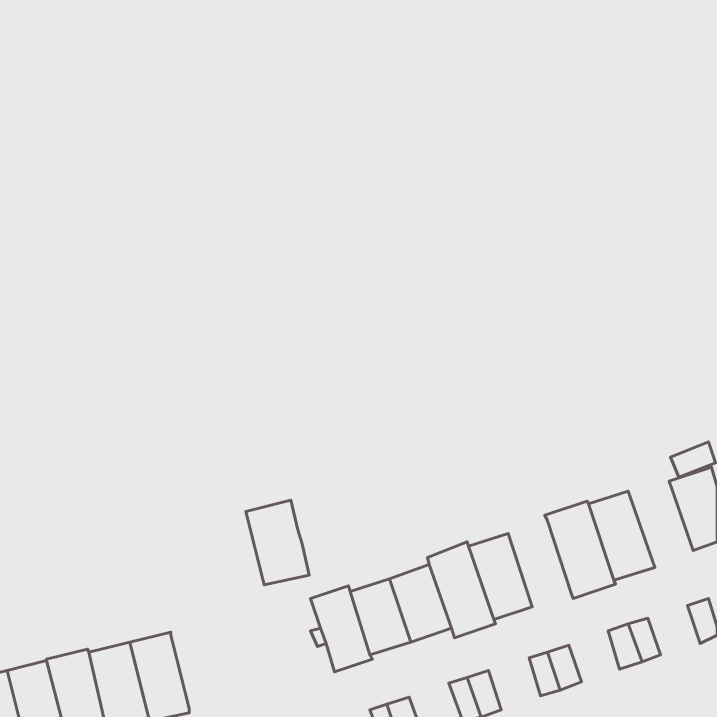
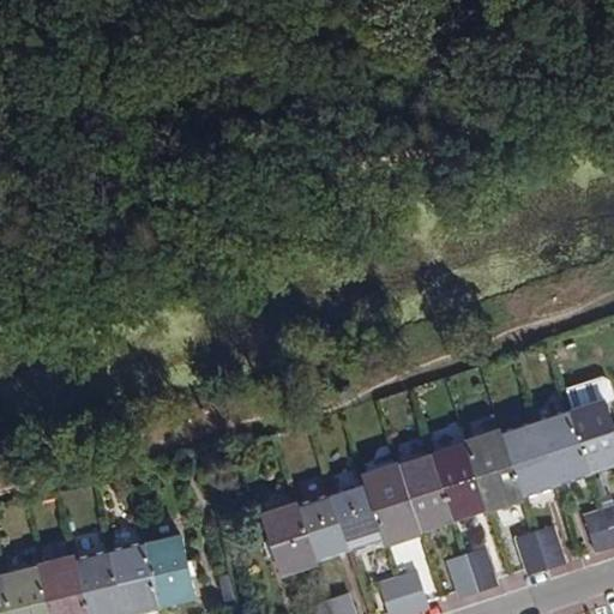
building: none -> [534,409,590,486]
building: [246,500,309,585] -> [145,534,199,606]
building: none -> [432,446,486,519]

